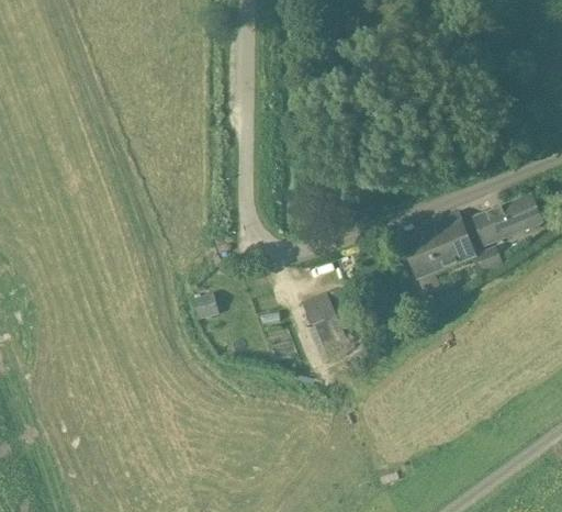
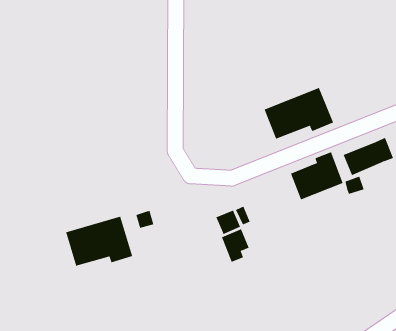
building: none -> [264,87,334,139]
building: none -> [66,216,133,266]

